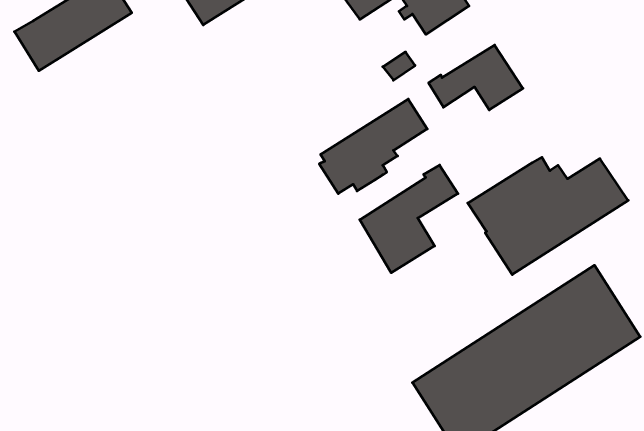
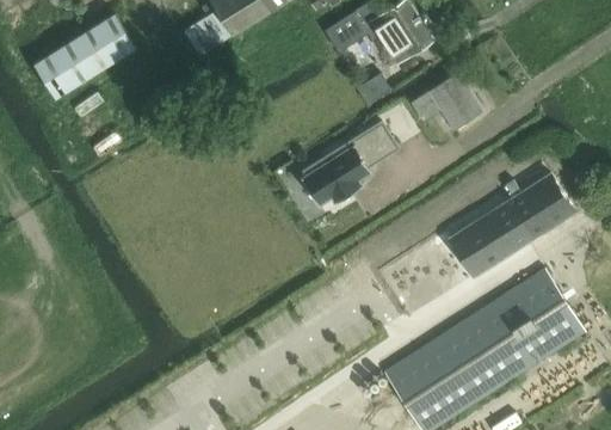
building: [360,165,458,273] -> none

